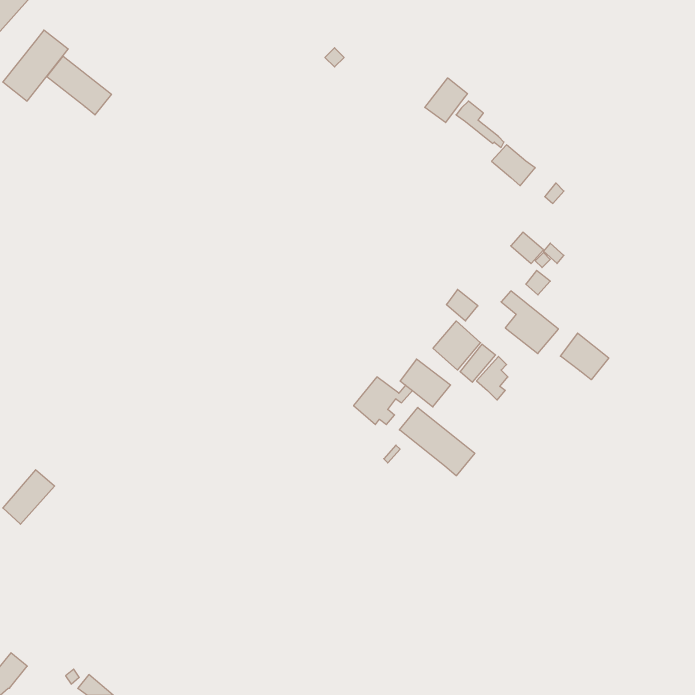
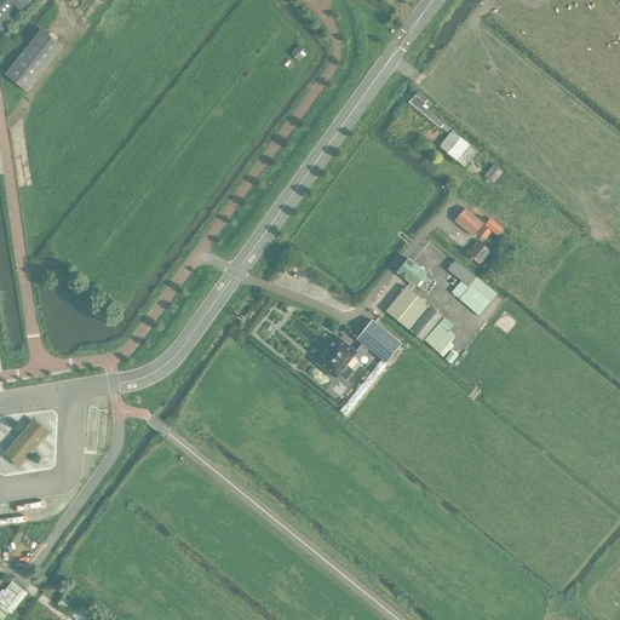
building: [47,56,111,115] -> none
building: [425,78,467,123] -> none
building: [560,333,609,380] -> none
building: [399,407,475,476] -> none

